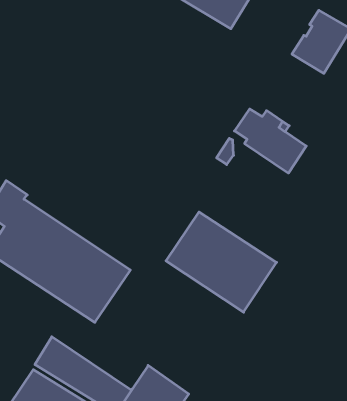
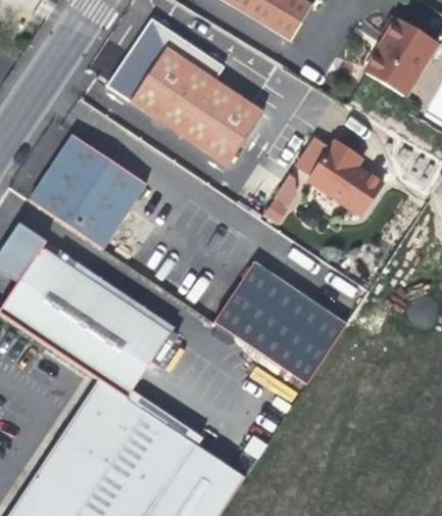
building: none -> [106,24,263,165]
building: none -> [29,133,146,247]
building: none -> [75,382,192,476]

